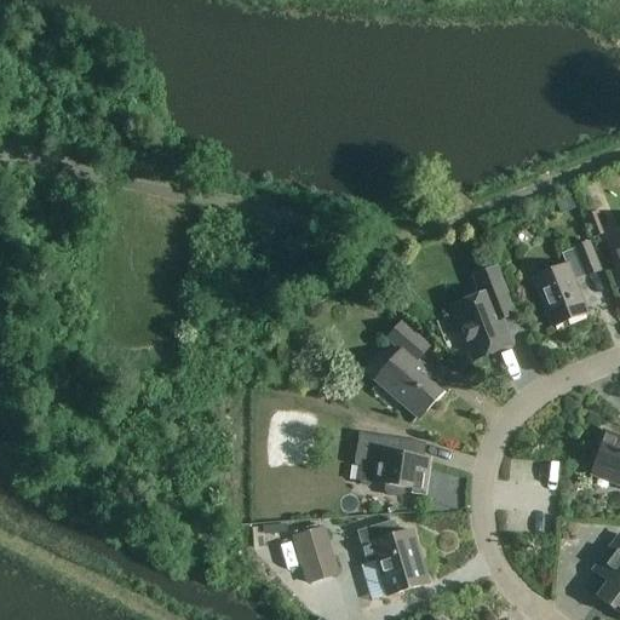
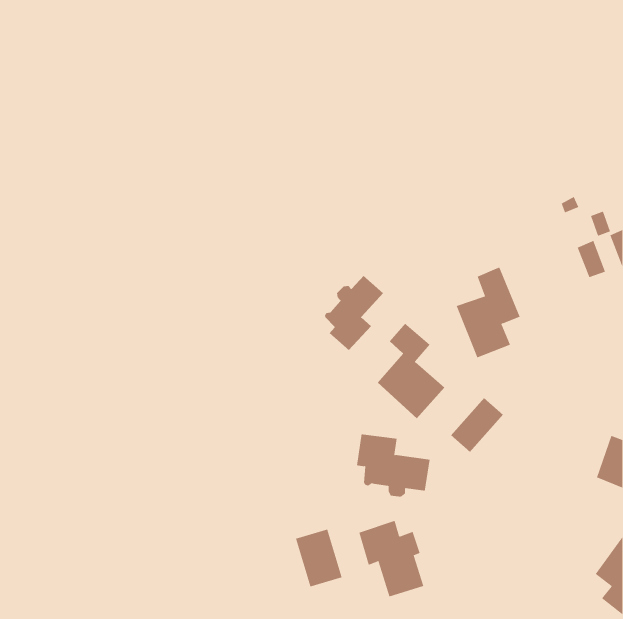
building: [533,263,585,325] -> none
building: none -> [324,275,384,351]
building: none -> [450,397,504,453]

